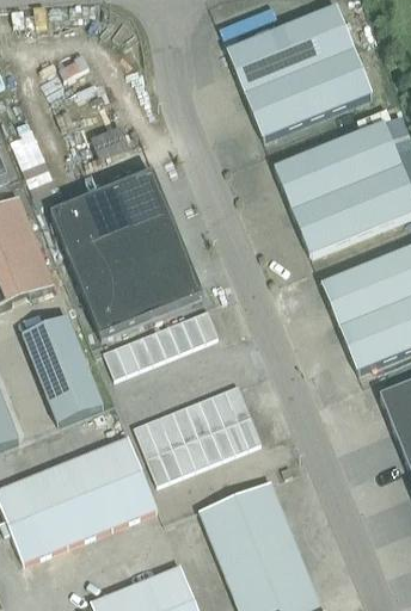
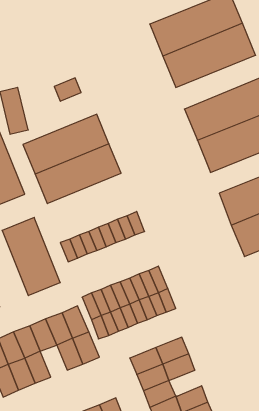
building: [85,255,203,338] -> none
building: [75,492,112,536] -> none
building: [252,526,297,562] -> none

